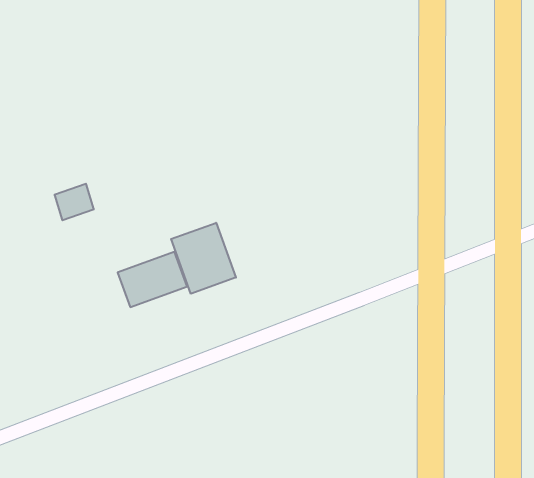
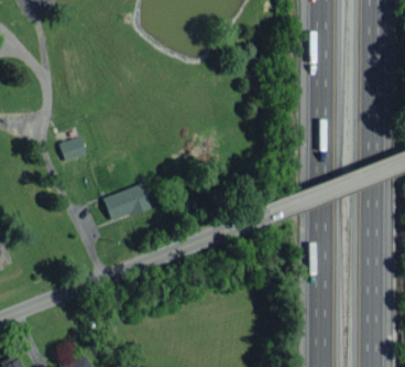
building: [171,223,236,294] -> none

